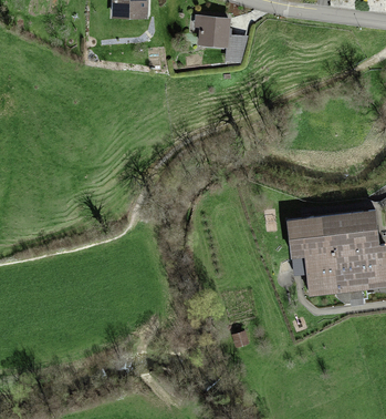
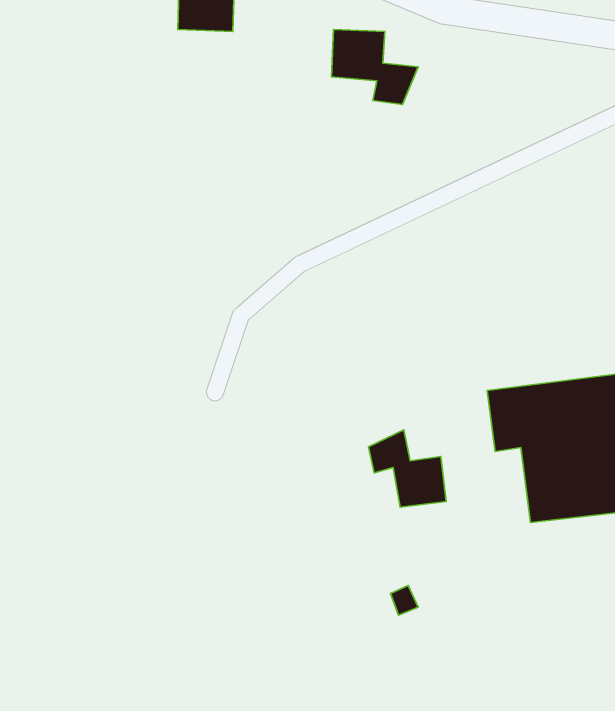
building: none -> [368,430,446,507]

